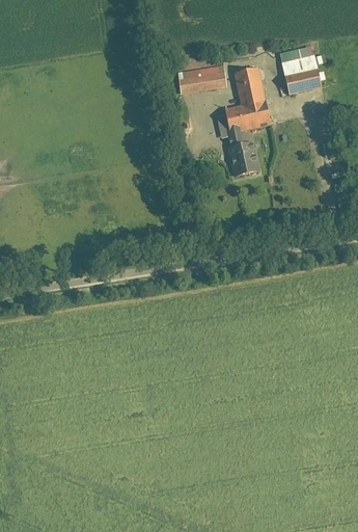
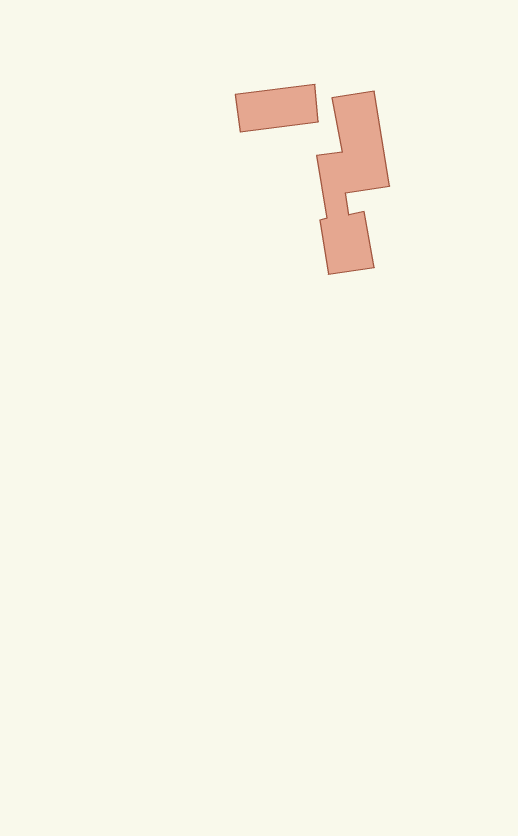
building: [280,44,321,92] -> none

